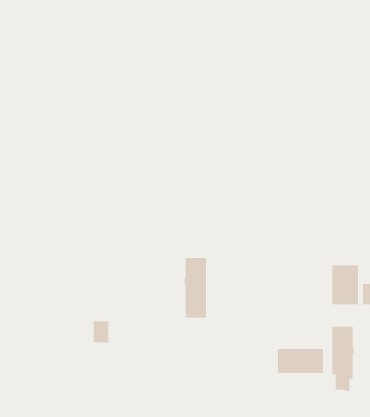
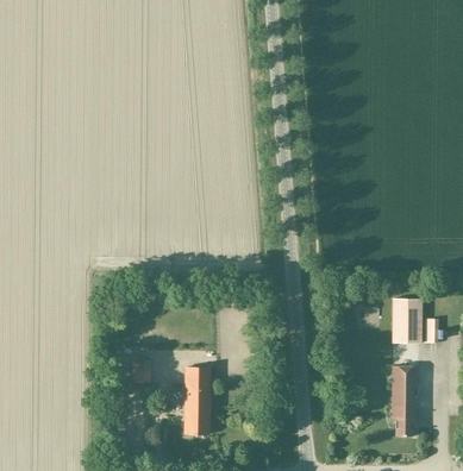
building: [184,257,207,319] -> [183,368,208,434]
building: [277,348,324,374] -> none

